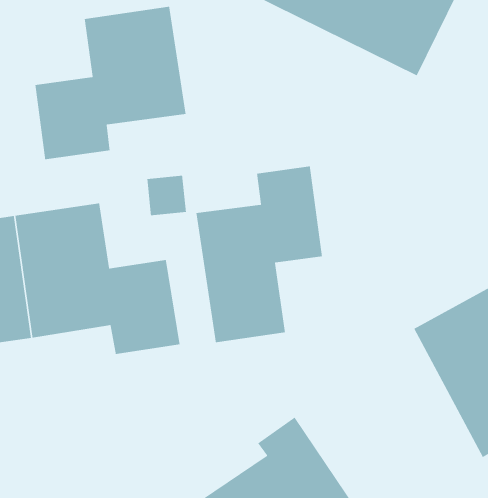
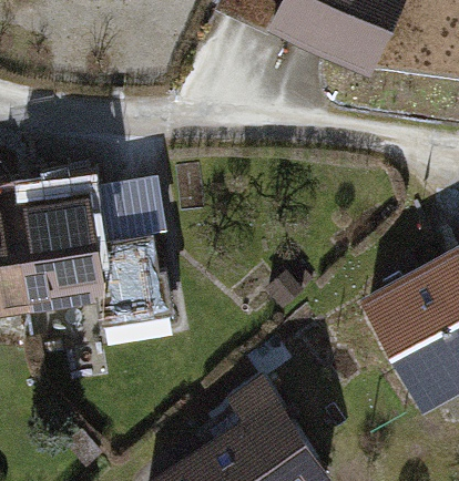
building: [35,6,186,160] -> none
building: [195,166,323,343] -> none

